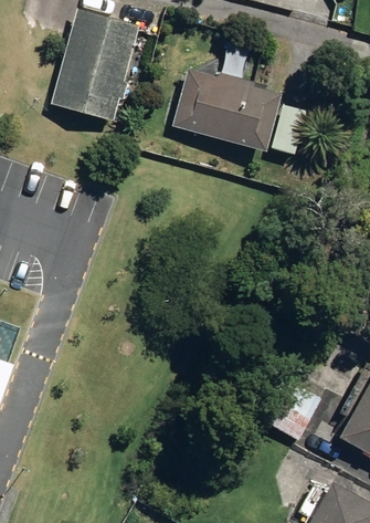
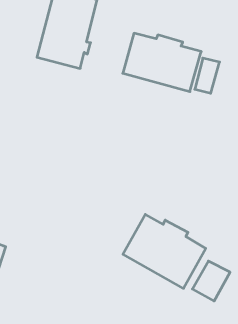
building: none -> [123,214,206,288]

